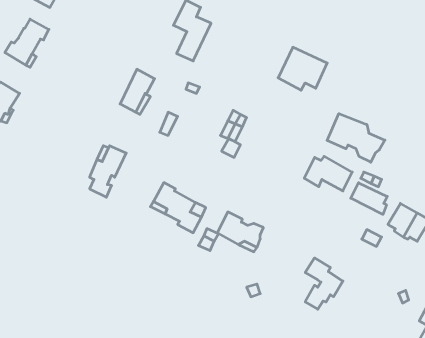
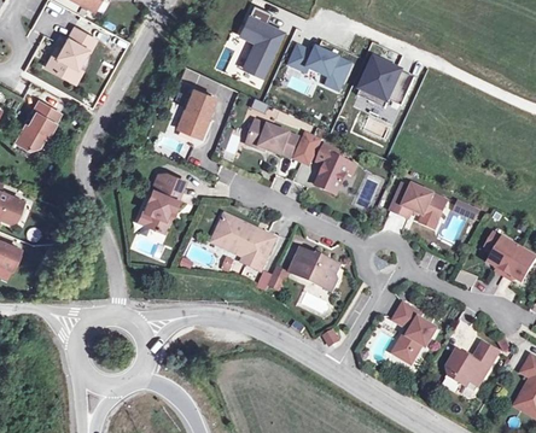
building: none -> [290,36,356,92]
building: none -> [247,119,301,158]
building: [327,114,385,162] -> none
building: none -> [316,145,360,197]
building: [351,183,387,214] -> none
building: none -> [445,345,496,388]

